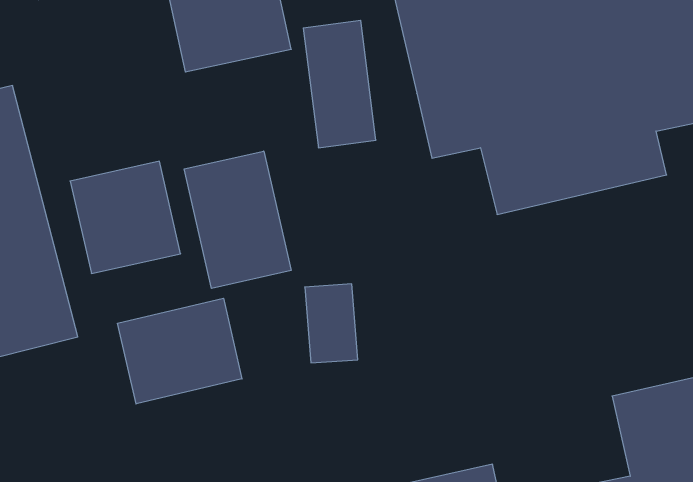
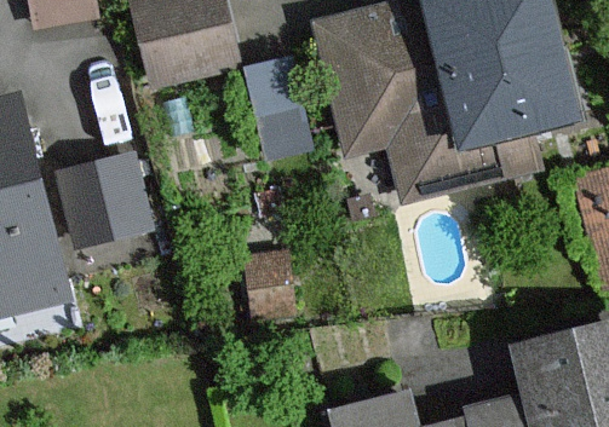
building: [184,151,291,288] -> none
building: [118,298,242,404] -> none

